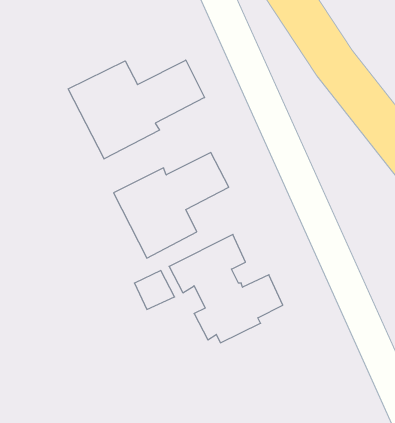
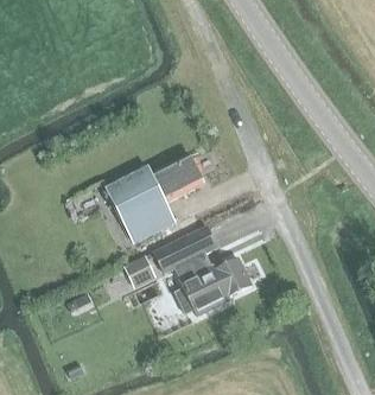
building: [68,60,205,159] -> none

